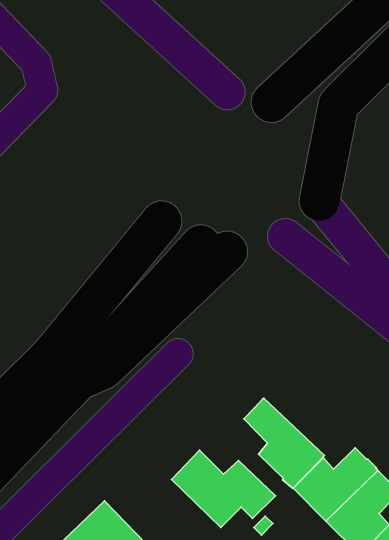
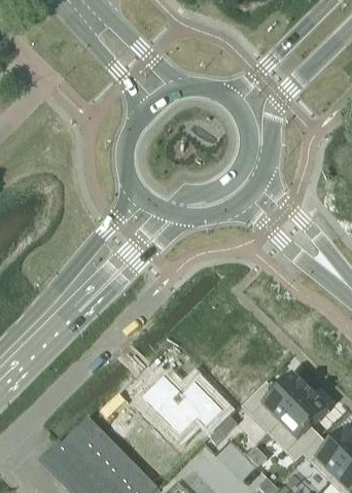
building: [244,398,325,489] -> none

